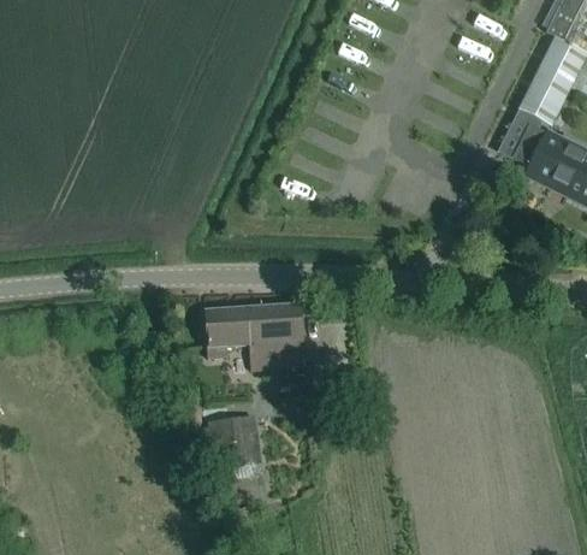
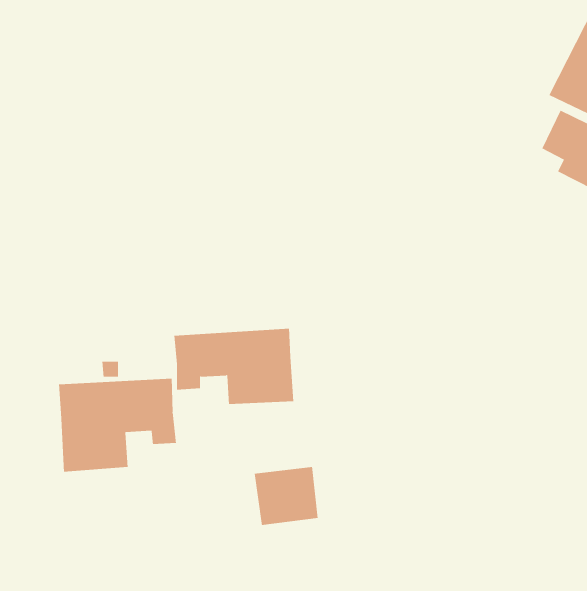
building: none -> [58,378,176,472]
building: [206,414,260,464] -> [254,466,319,525]

